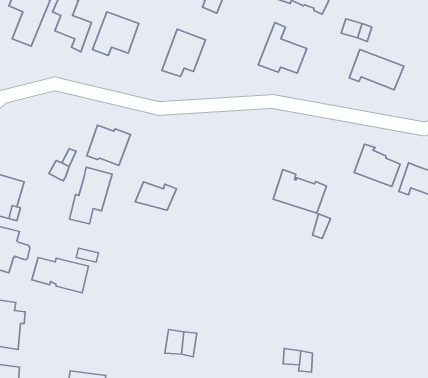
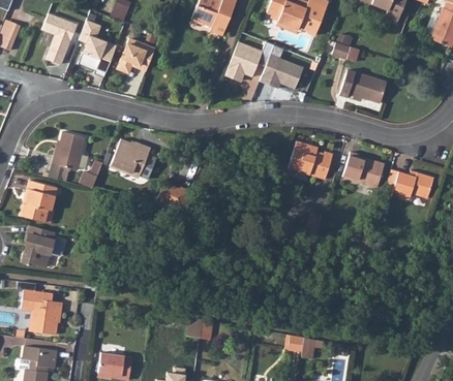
building: [162,29,205,76] -> [225,41,264,83]
building: [69,167,112,224] -> [46,129,83,179]
building: [273,170,326,213] -> [290,141,336,180]
building: [32,258,88,293] -> none

